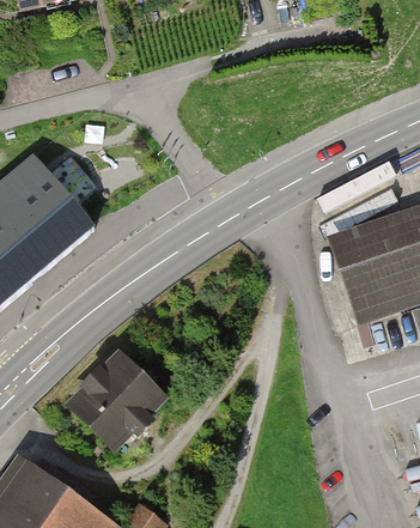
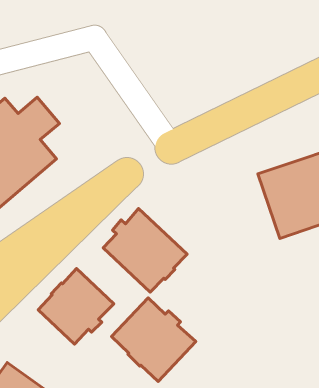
building: none -> [103,209,187,292]
building: none -> [112,298,196,381]

